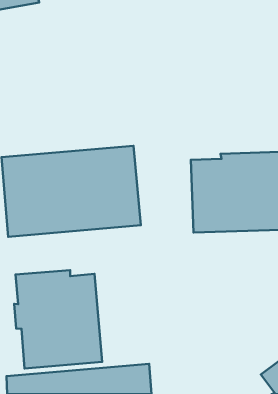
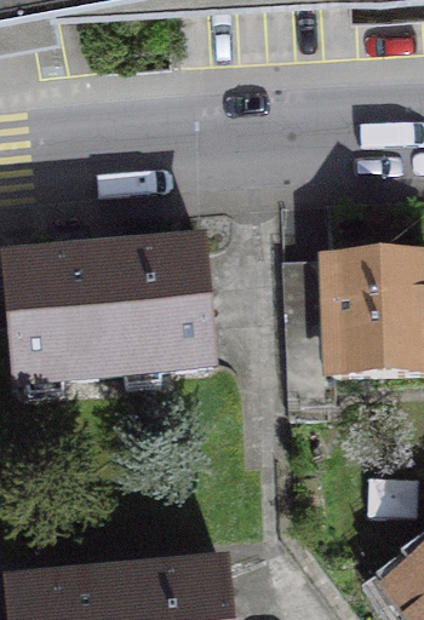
building: [14,270,102,369] -> none

